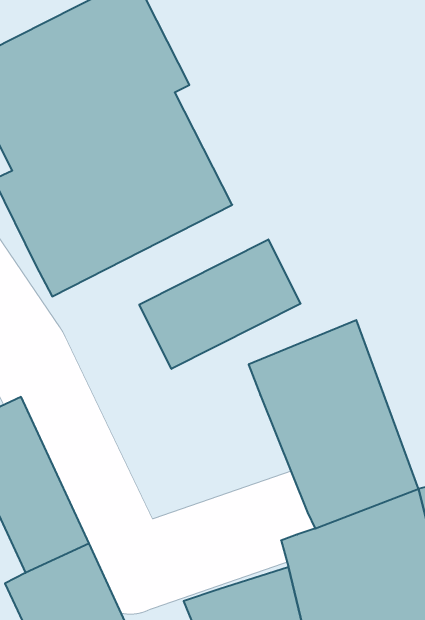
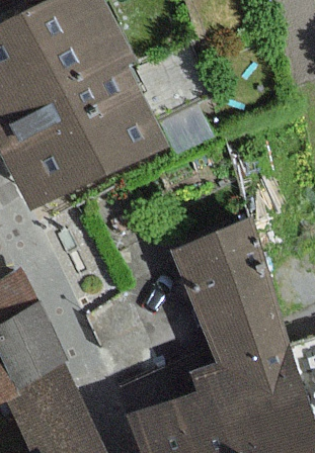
building: [139,239,301,369] -> none

